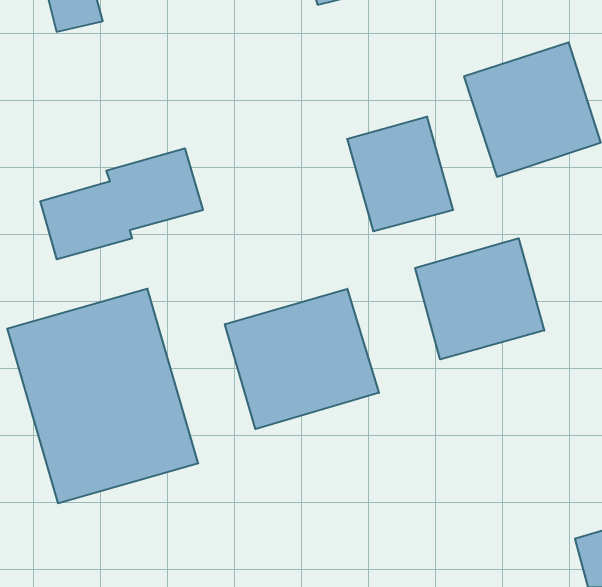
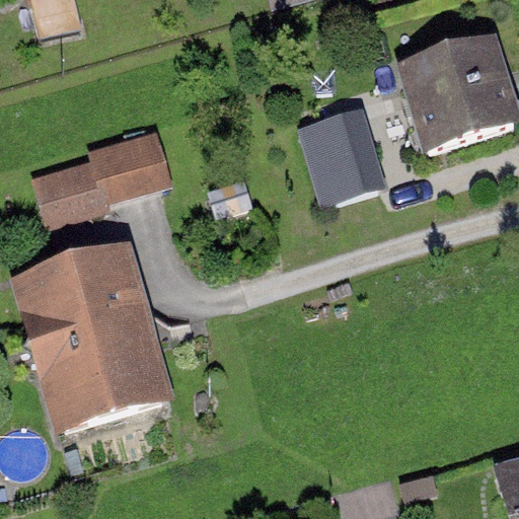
building: [415,238,544,359] -> none
building: [225,289,379,429] -> none

